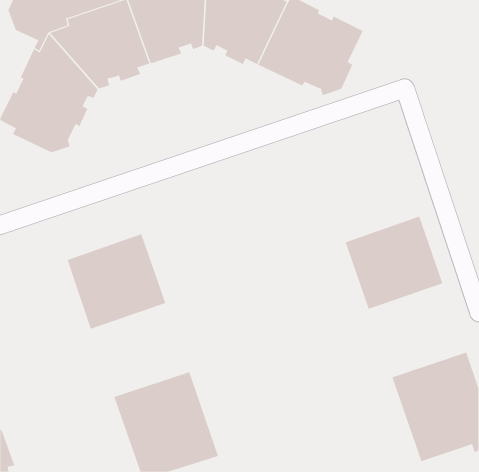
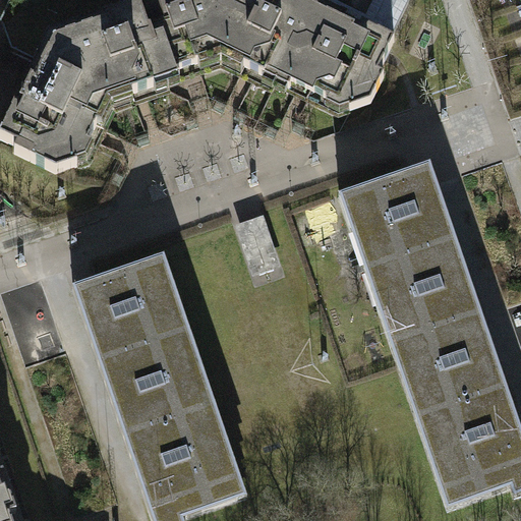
building: none -> [347,159,455,263]
building: none -> [399,307,506,409]
building: none -> [98,329,206,430]

